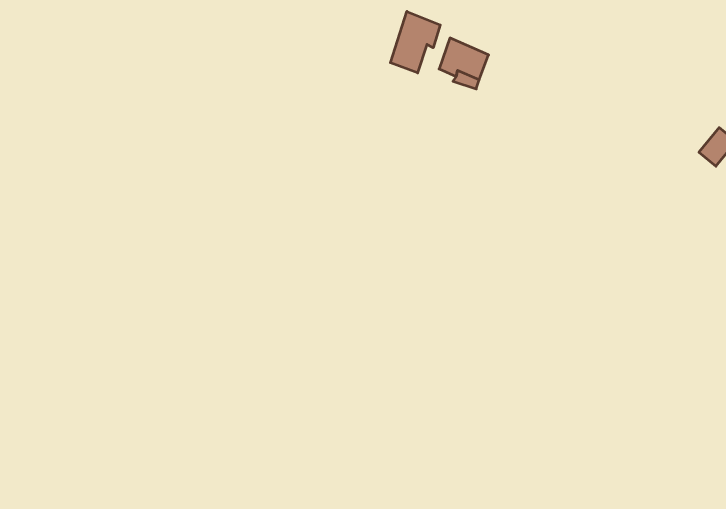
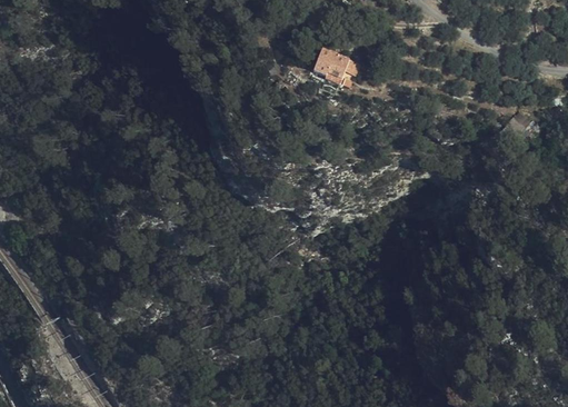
building: [390,11,440,73] -> none

